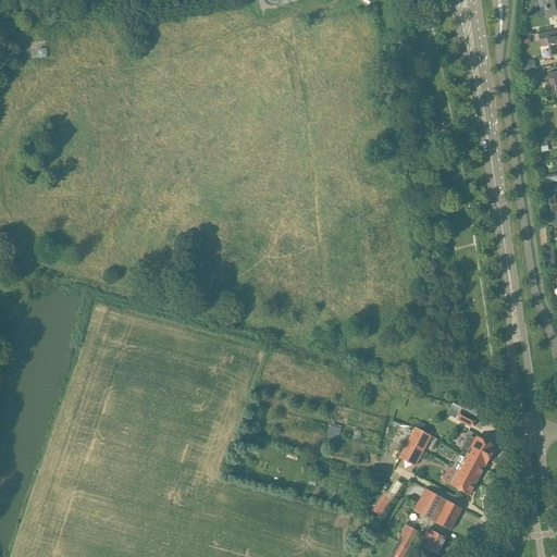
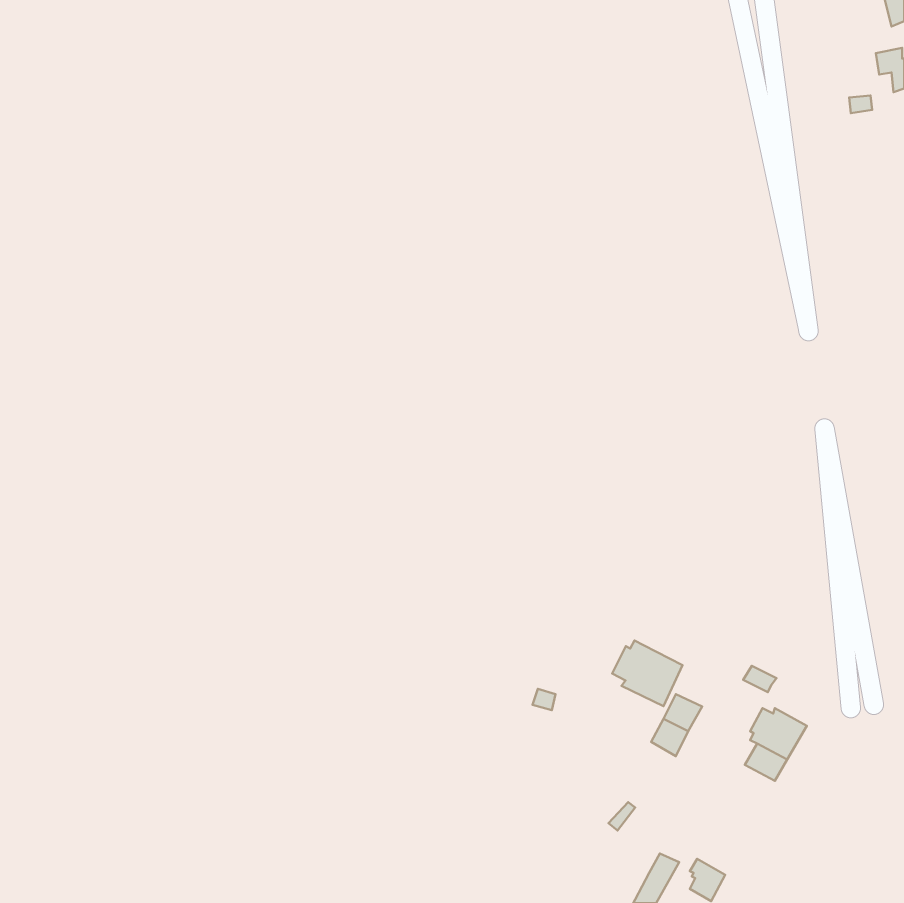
building: none -> [612,641,682,706]
building: [442,467,476,494] -> none
building: [414,487,462,530] -> none

